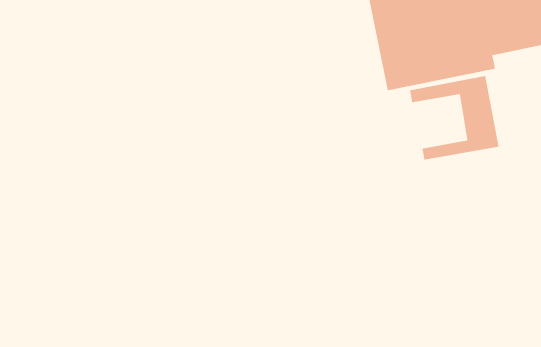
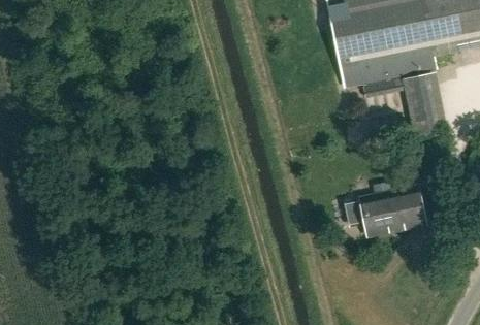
building: none -> [361,186,424,231]

